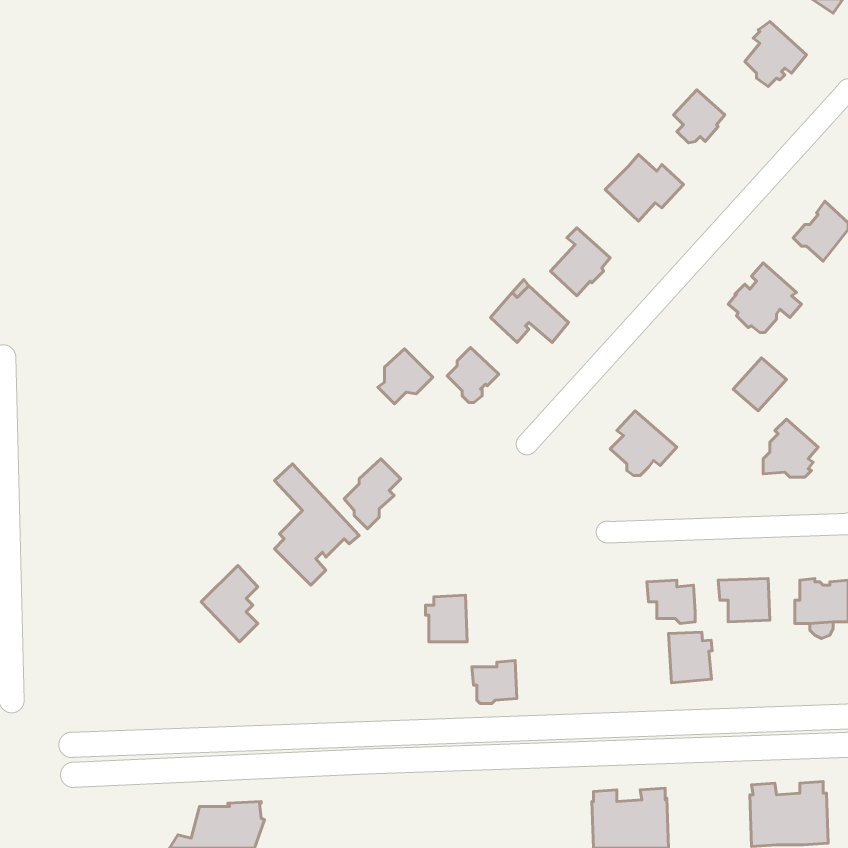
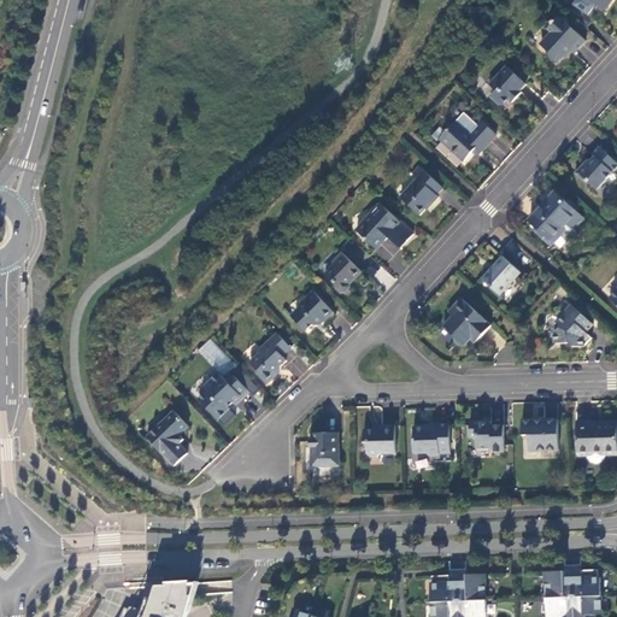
building: [378,349,433,404] -> [293,290,333,330]
building: [733,358,787,411] -> [481,255,519,294]
building: none -> [412,422,449,456]
building: [669,632,712,683] -> none
building: [472,660,517,704] -> [363,424,395,456]

